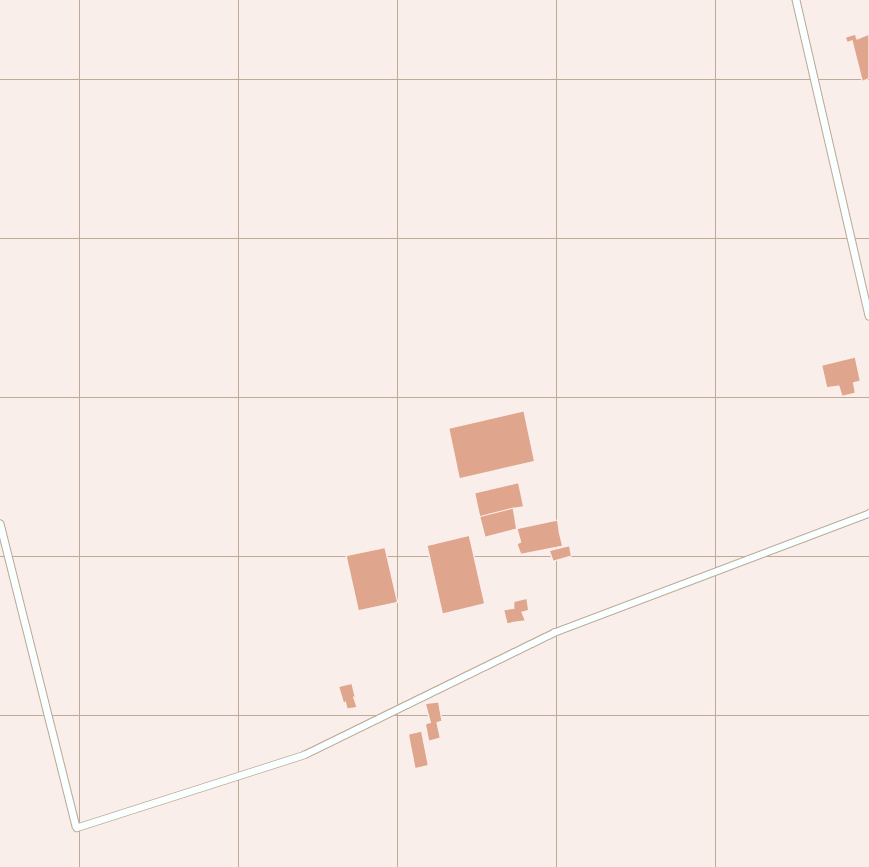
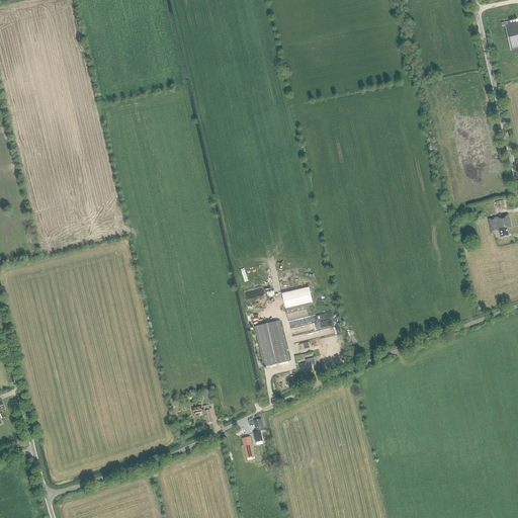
building: [449,411,535,479] -> none
building: [346,547,397,611] -> none

